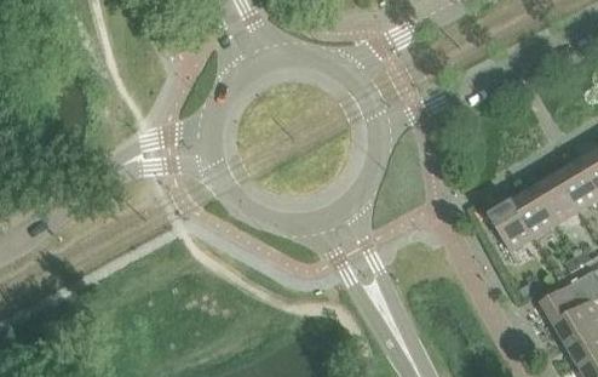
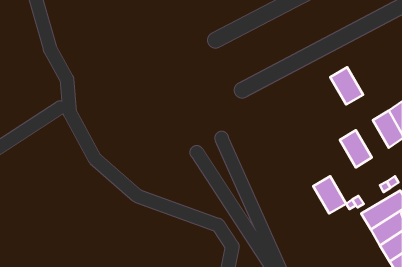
building: [533,173,577,224] -> [330,67,363,105]
building: [488,200,533,251] -> [313,176,346,214]

